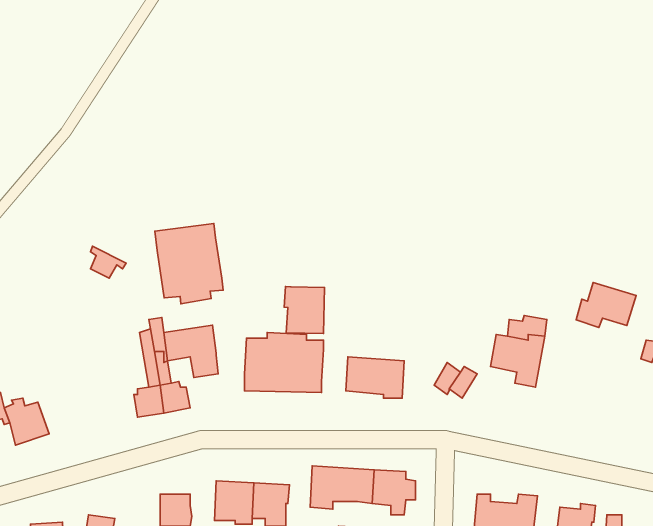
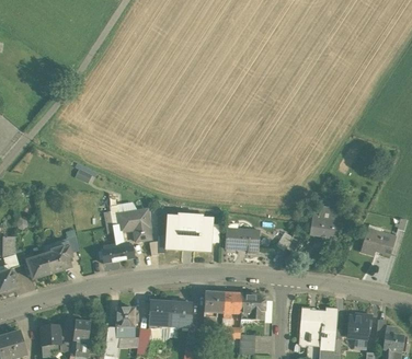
building: [155,223,223,304] -> none
building: [576,282,636,327] -> [360,229,396,255]
building: [284,286,324,334] -> none
building: none -> [45,242,72,273]

